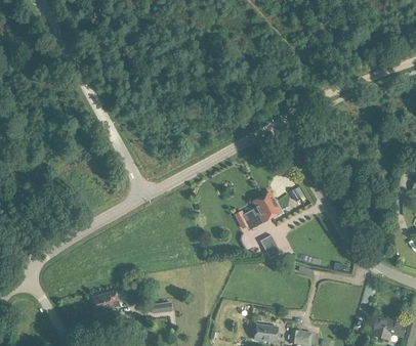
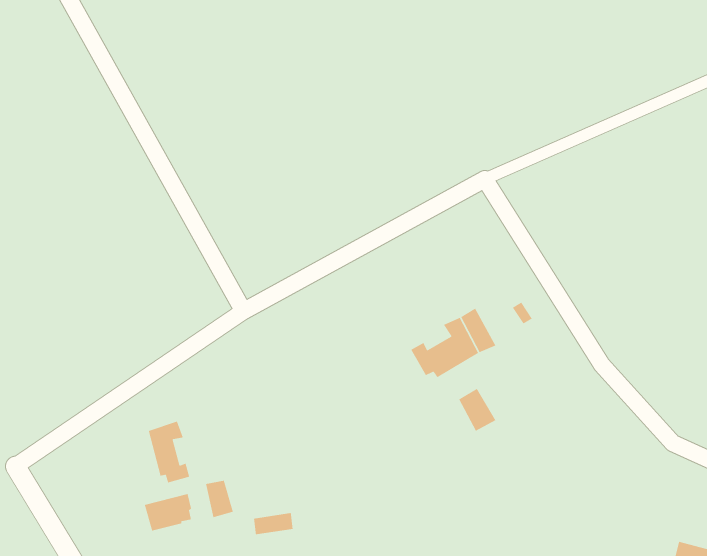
building: none -> [148,421,190,484]

